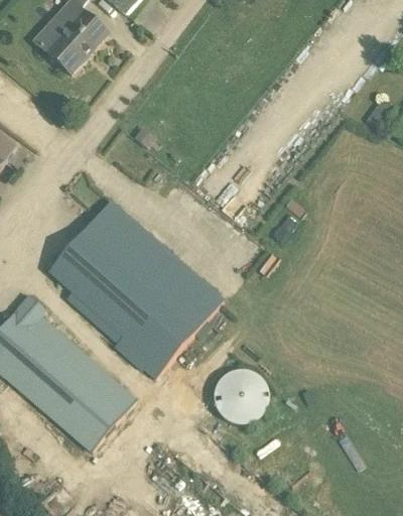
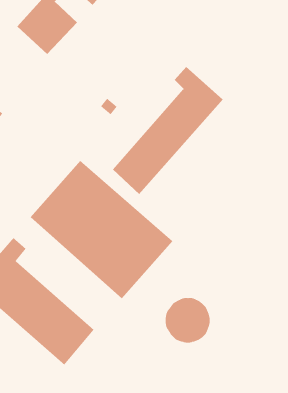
building: none -> [112,66,224,195]

